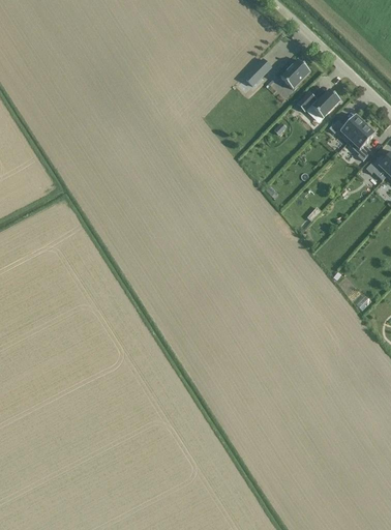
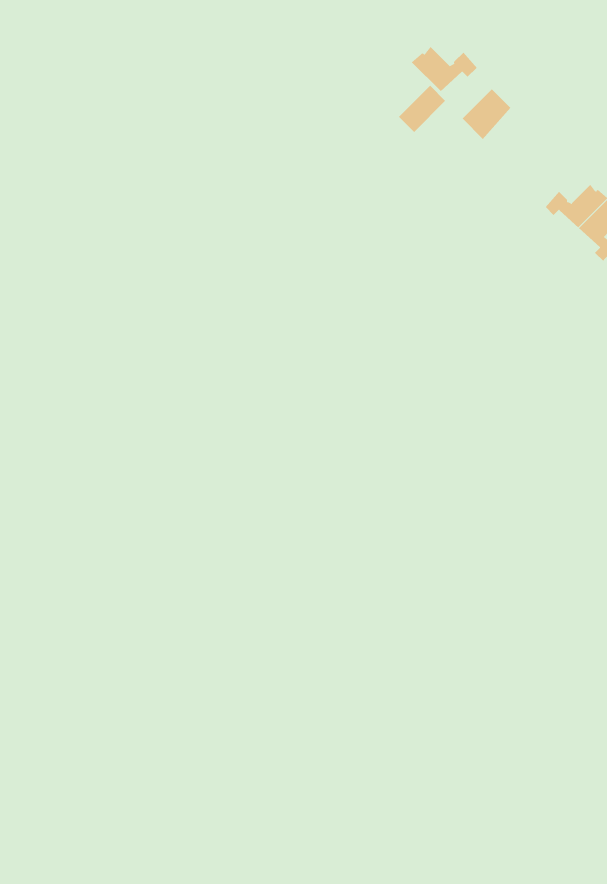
building: none -> [411,46,477,92]
building: [295,90,339,118] -> none

